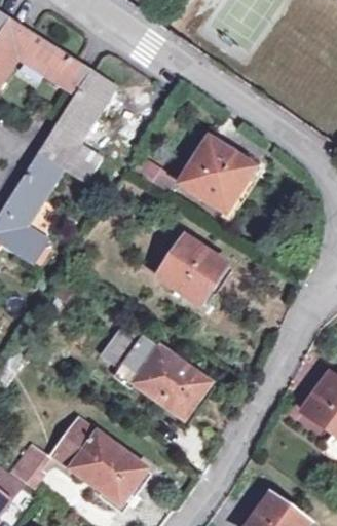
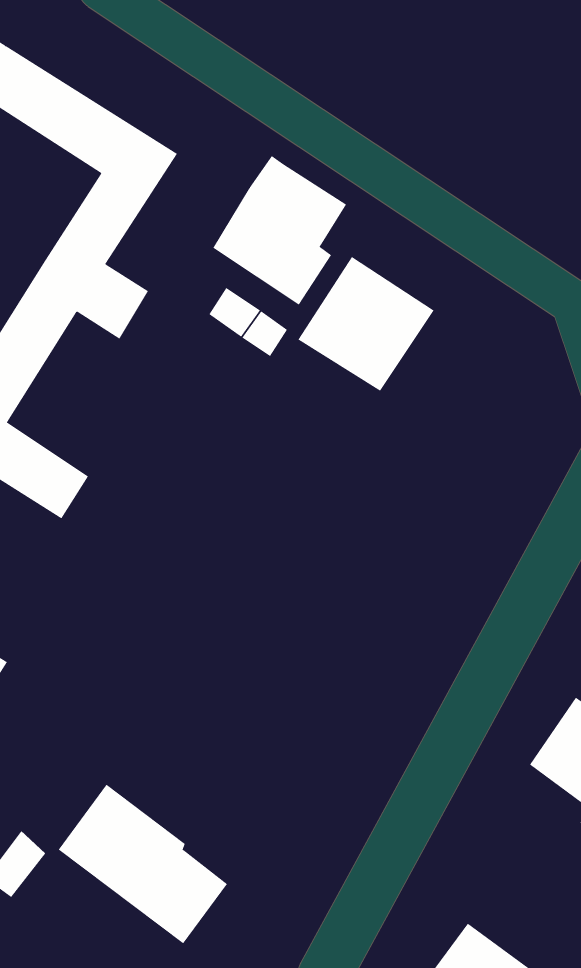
building: none -> [213,155,347,306]
building: [158,237,225,304] -> none
building: [107,336,207,418] -> none

